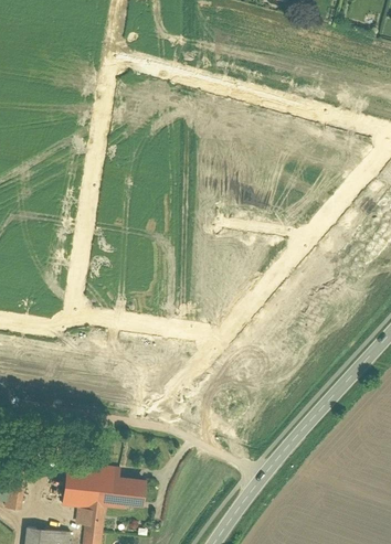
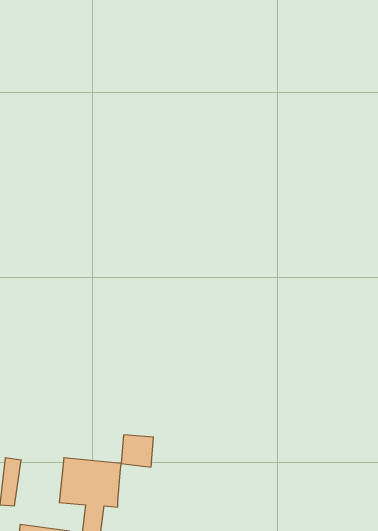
building: [118,479,149,510] -> [121,435,153,467]

